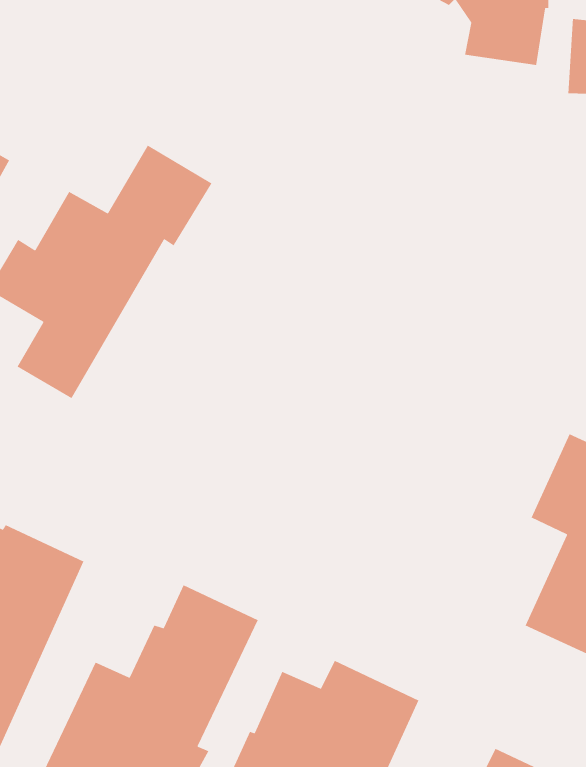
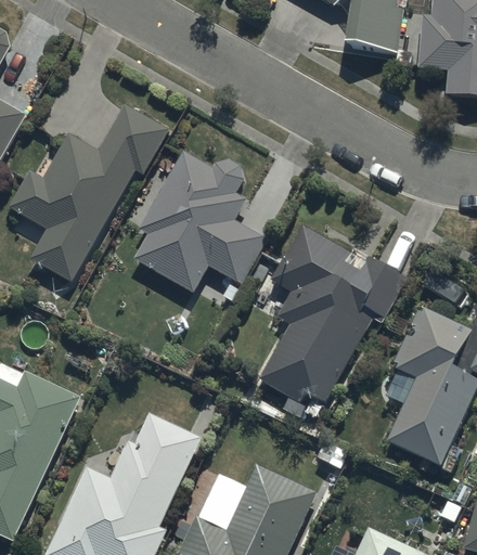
building: none -> [134,152,266,294]
building: none -> [257,225,405,403]

